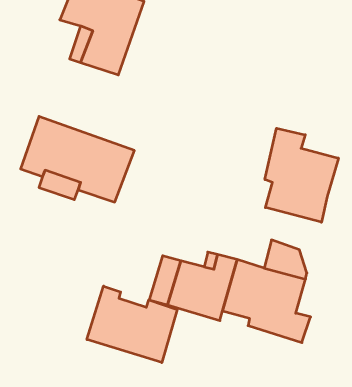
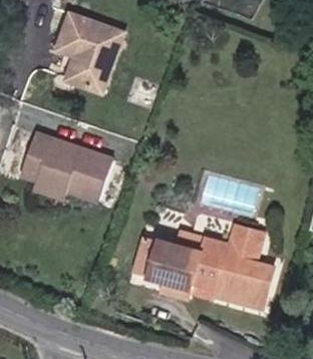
building: [265,128,338,222] -> none
building: [87,286,177,363] -> none

